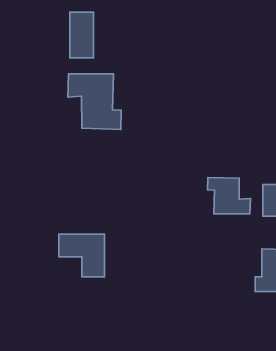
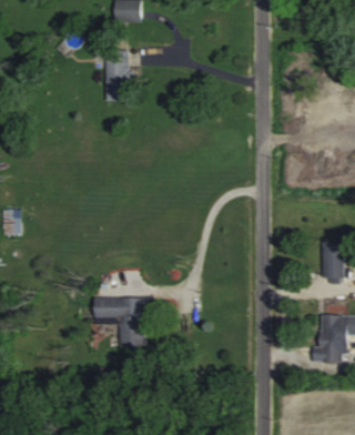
building: [68,74,121,129] -> none
building: [208,177,250,214] -> none

